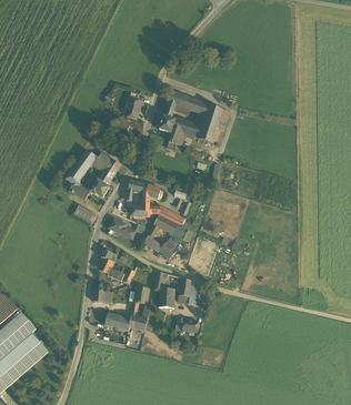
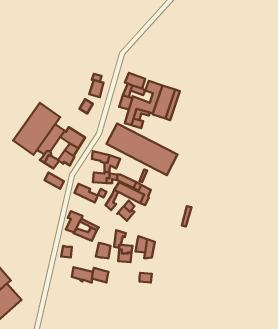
building: none -> [13,103,60,155]
building: none -> [107,123,177,175]

